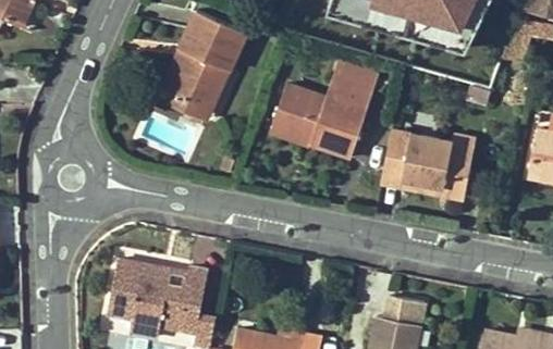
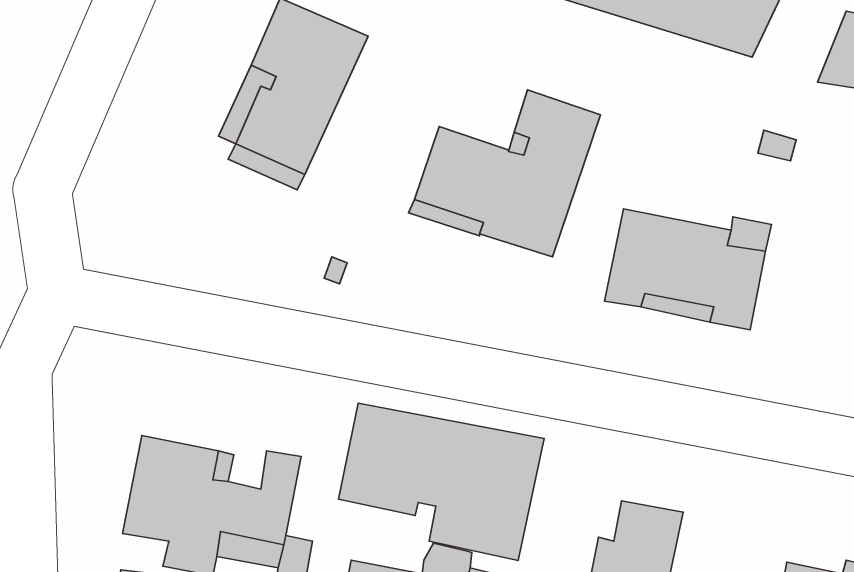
building: none -> [339,403,544,561]

